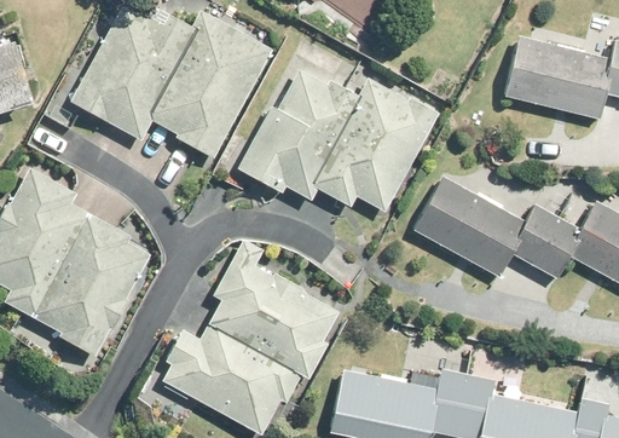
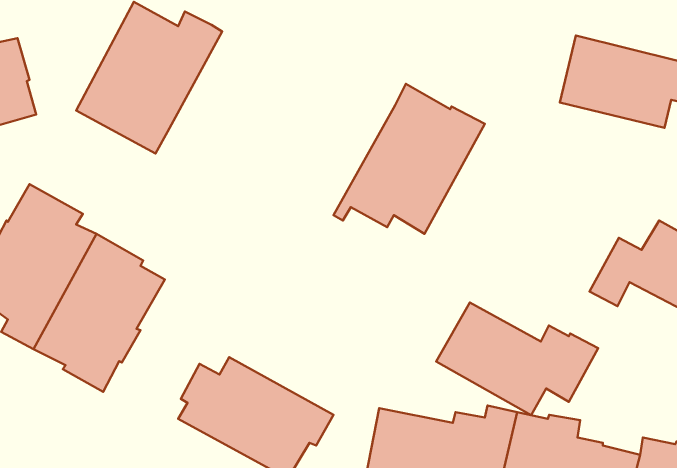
building: [152,10,272,157] -> none
building: [237,70,358,196] -> none
building: [413,175,560,277] -> [436,303,598,415]
building: [208,240,340,380] -> none

